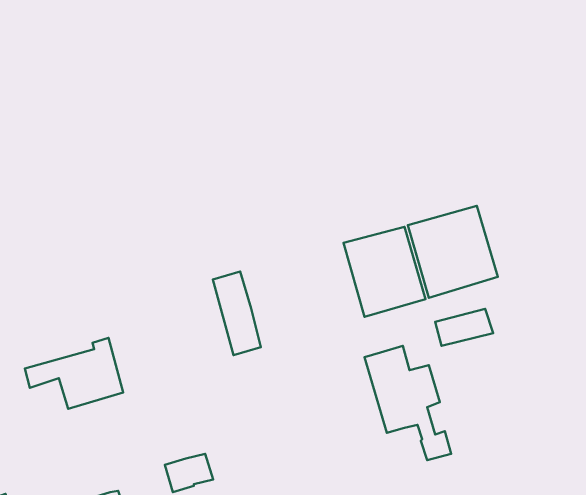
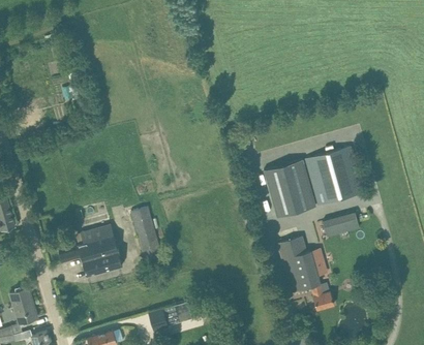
building: [213,272,261,355] -> [130,206,161,259]

